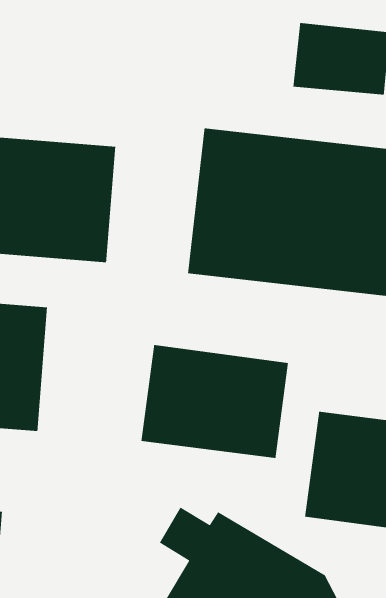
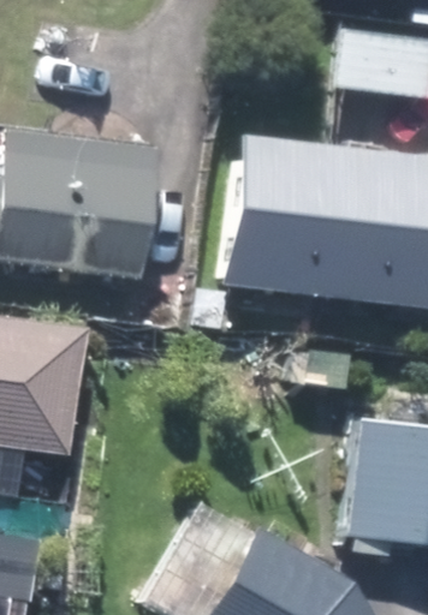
building: [141,344,289,459] -> none

